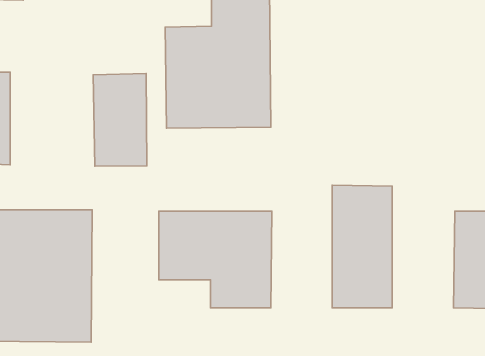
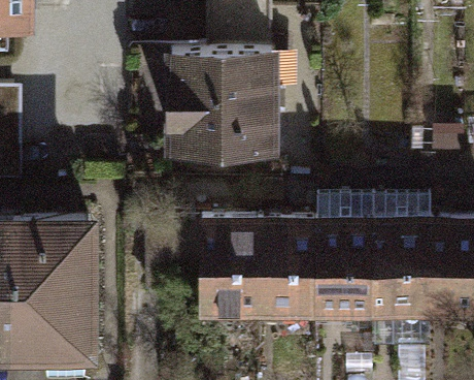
building: [93,74,147,166] -> none
building: none -> [381,202,441,319]
building: none -> [265,226,324,319]

